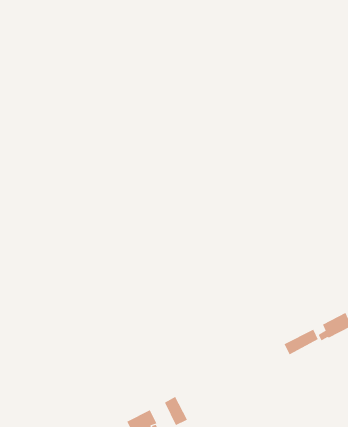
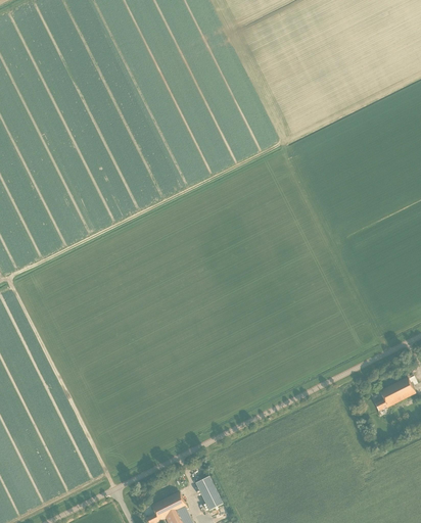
building: [284,329,318,355] -> none

